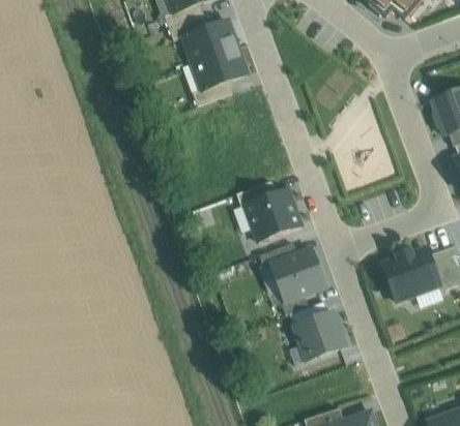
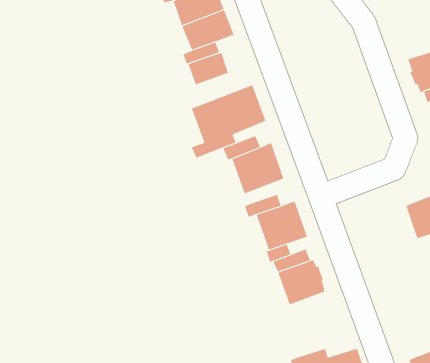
building: none -> [188,52,228,85]
building: none -> [191,84,266,158]
building: [383,249,440,302] -> none

